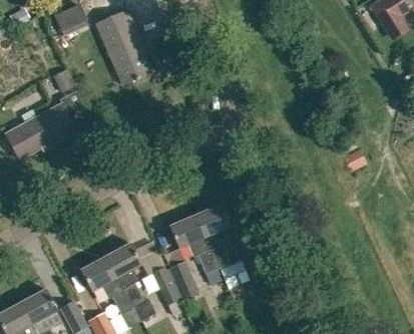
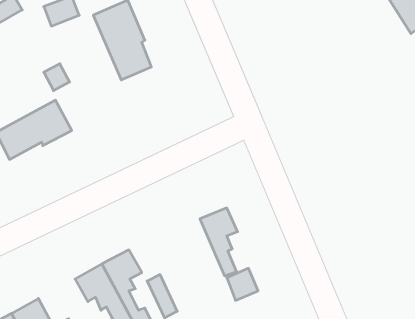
building: [169,214,220,273] -> none
building: [165,261,194,300] -> none

